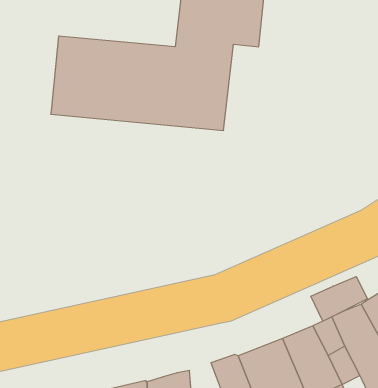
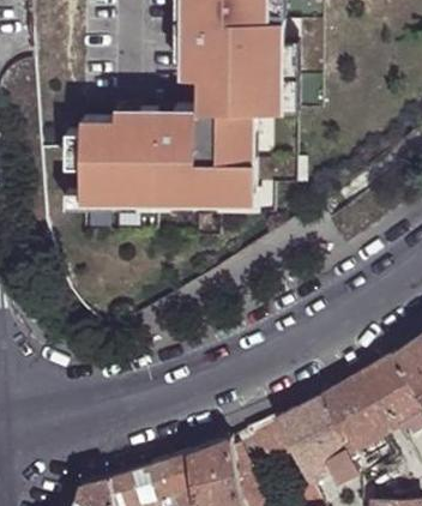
building: [311,277,368,321] -> none

